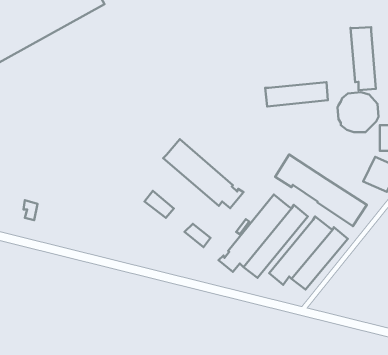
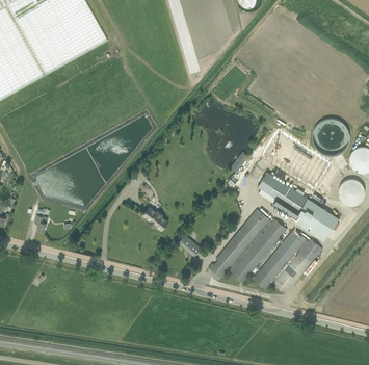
building: [350,27,376,90] -> none
building: [265,82,328,107] -> none
building: [163,139,243,208] -> none

